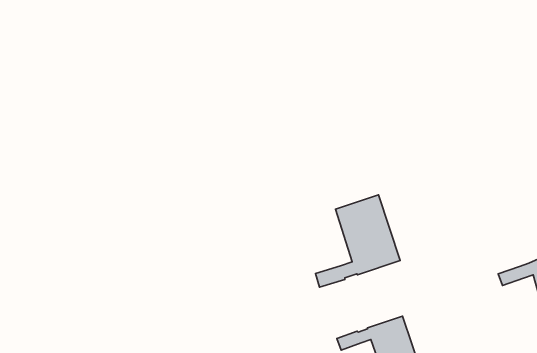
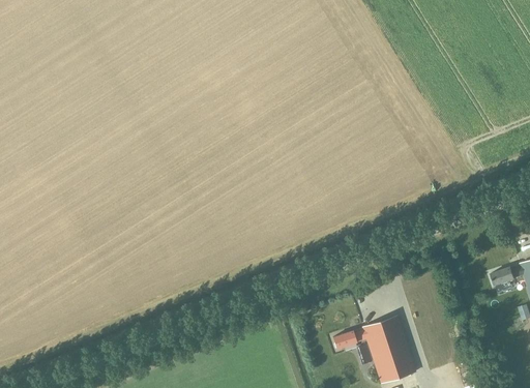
building: [315,195,400,287] -> none

